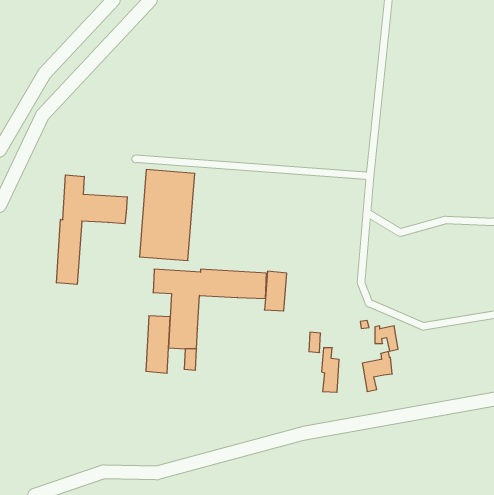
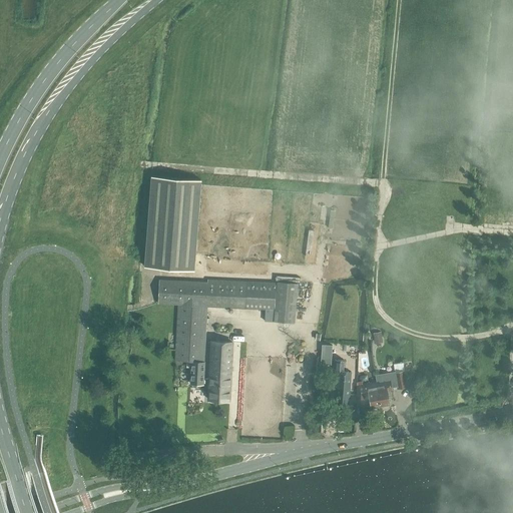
building: [57,175,127,284] -> none
building: [146,316,170,373] -> [207,341,232,400]
building: [375,326,398,351] -> [356,381,380,407]

